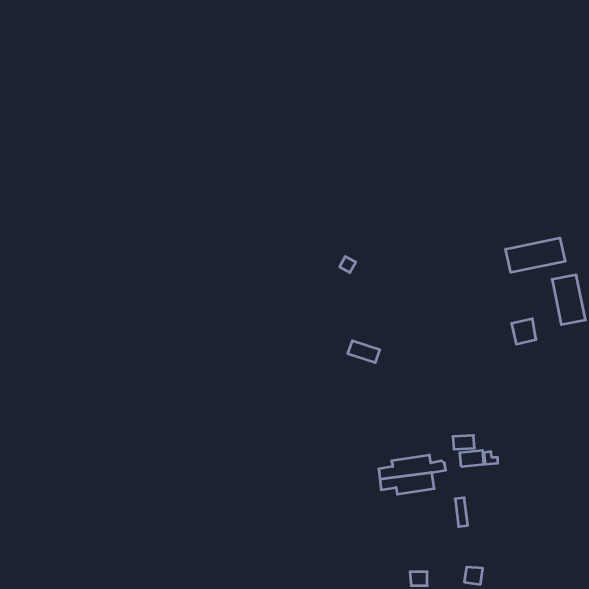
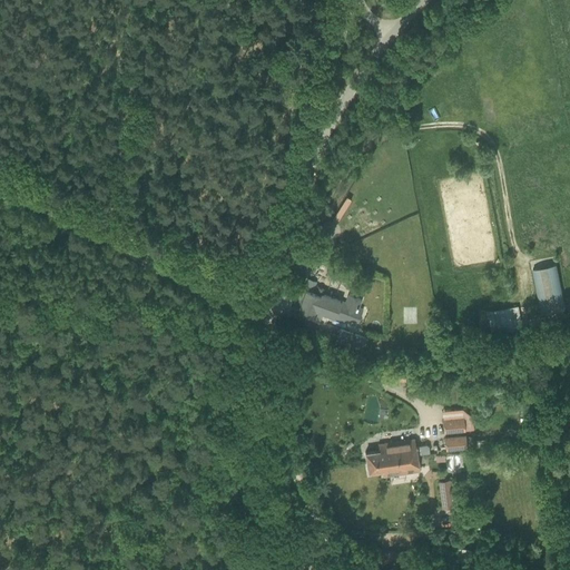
building: [506,238,565,272] -> none
building: none -> [276,283,363,325]

